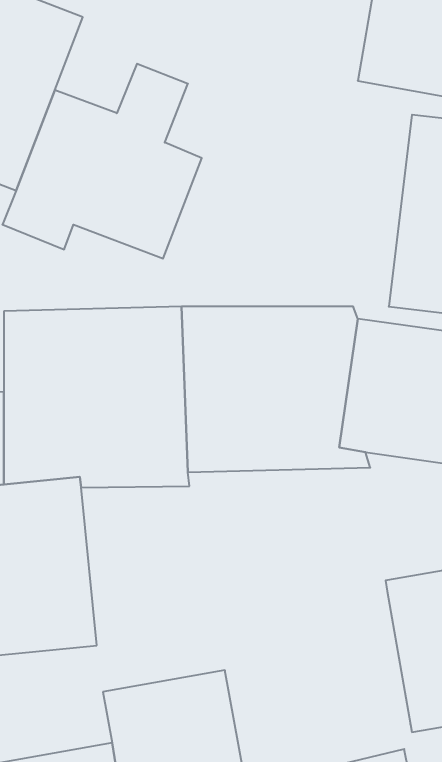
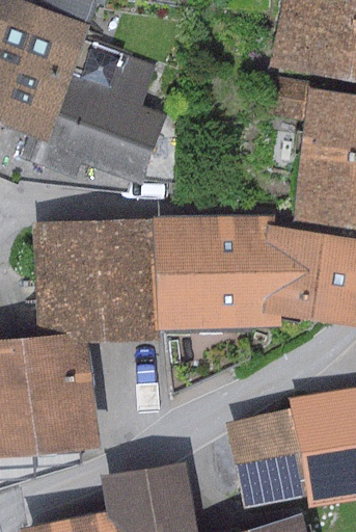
building: none -> [228,409,307,509]

